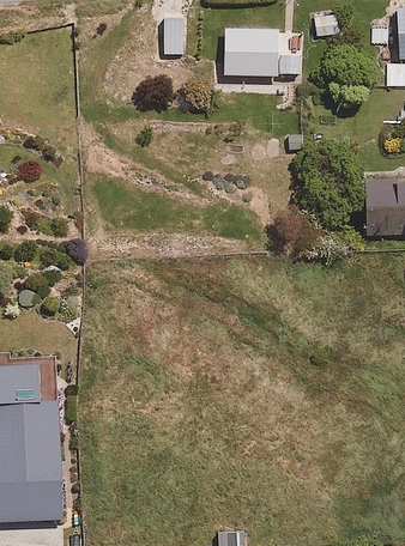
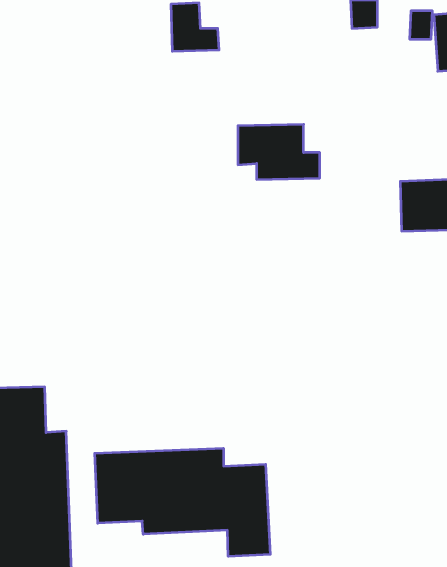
building: [223,32,296,81] -> [238,124,320,179]
building: none -> [95,448,270,556]

